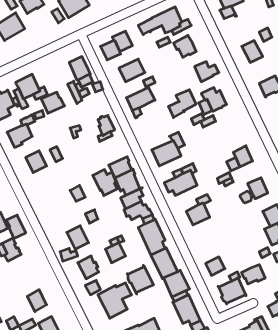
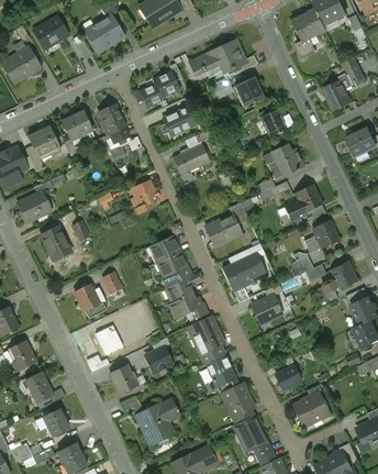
building: [168,90,196,118] -> [285,185,321,221]
building: [41,92,65,113] -> [62,113,92,141]
building: [93,170,117,196] -> [74,284,105,318]
building: [6,215,26,239] -> [26,372,52,403]
building: [242,265,265,284] -> none
building: [127,265,153,294] -> none

